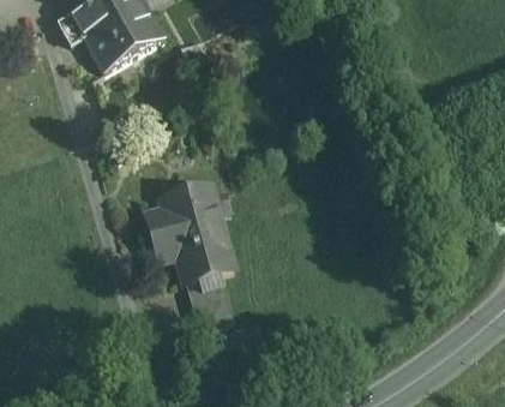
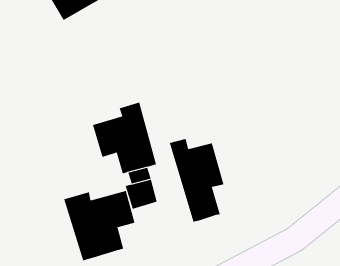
building: none -> [169,138,224,223]
building: none -> [64,190,135,261]

